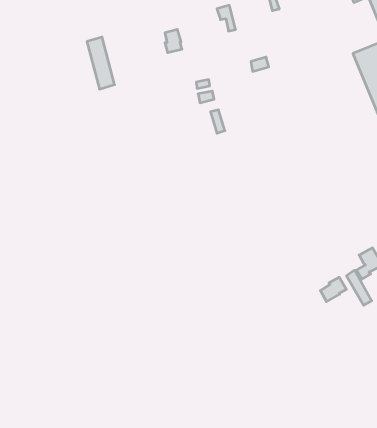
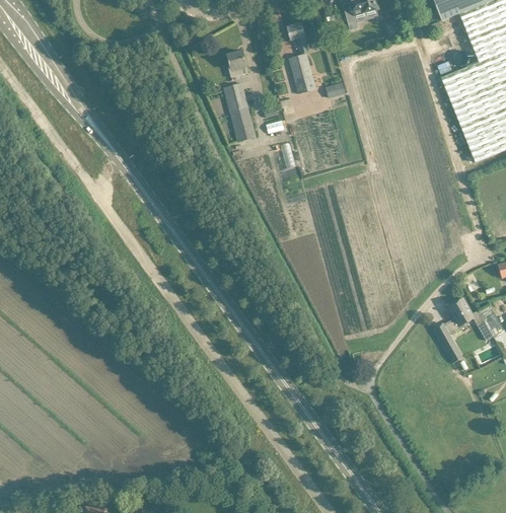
building: none -> [289,54,315,93]
building: [87,37,115,89] -> [224,83,256,142]
building: [320,277,346,302] -> none

